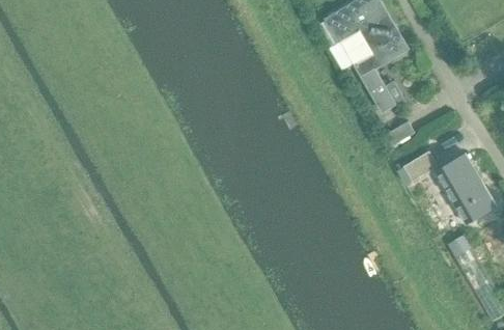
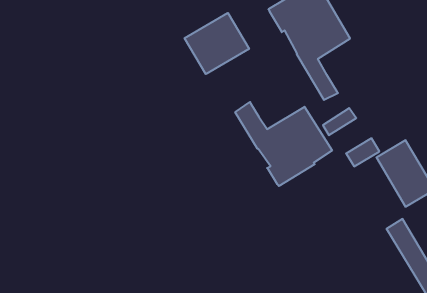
building: none -> [185,13,249,74]
building: none -> [235,102,332,186]

